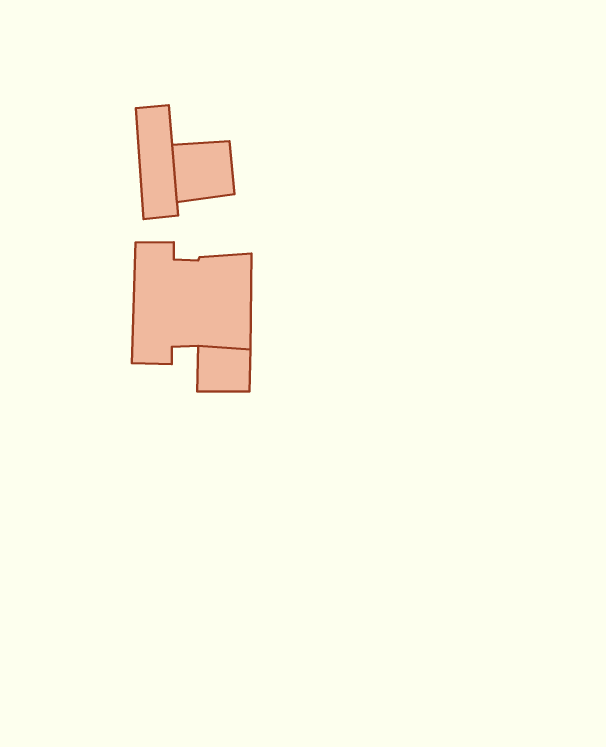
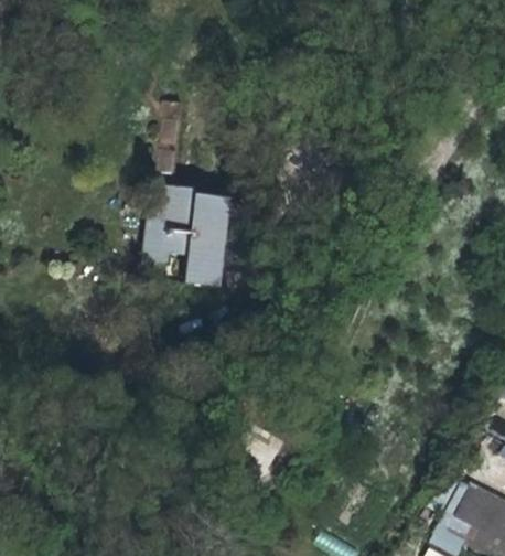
building: [172,141,234,202] -> none

